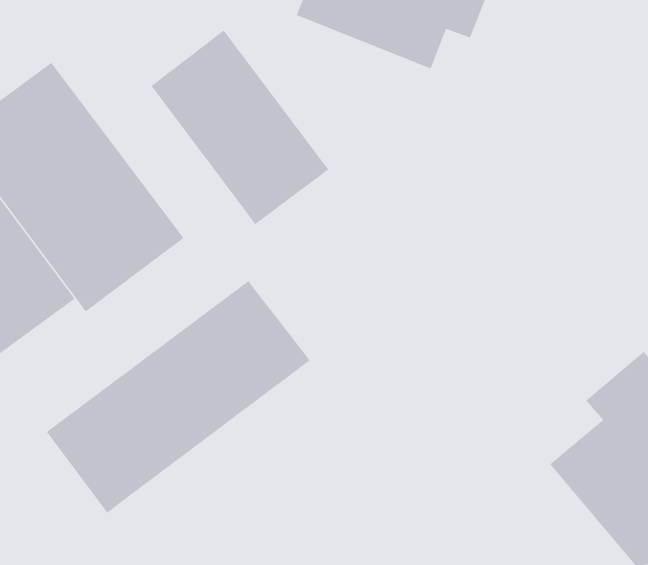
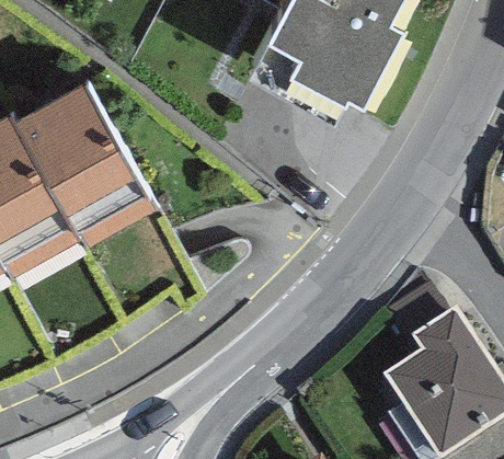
building: [151,29,329,225] -> none
building: [46,280,311,514] -> none

